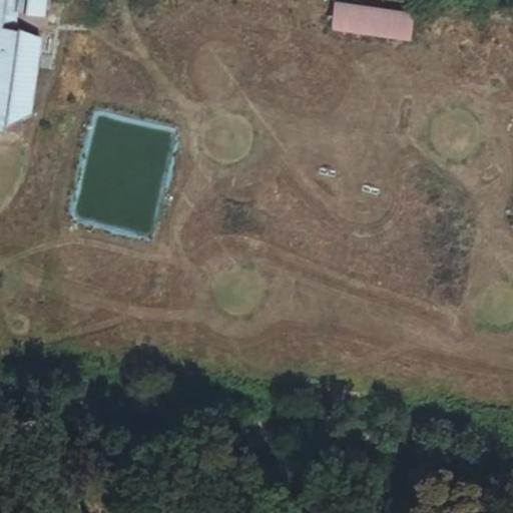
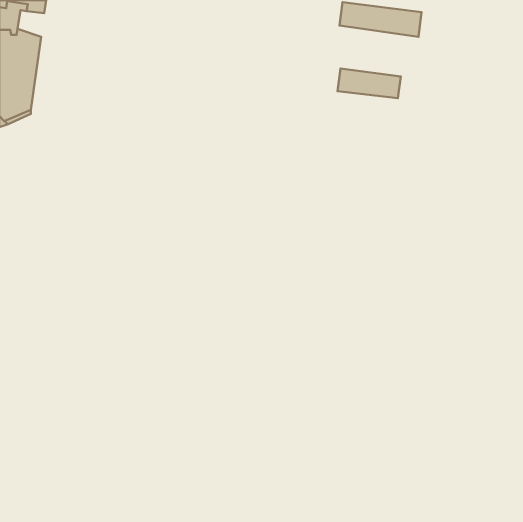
building: none -> [337,69,401,98]

